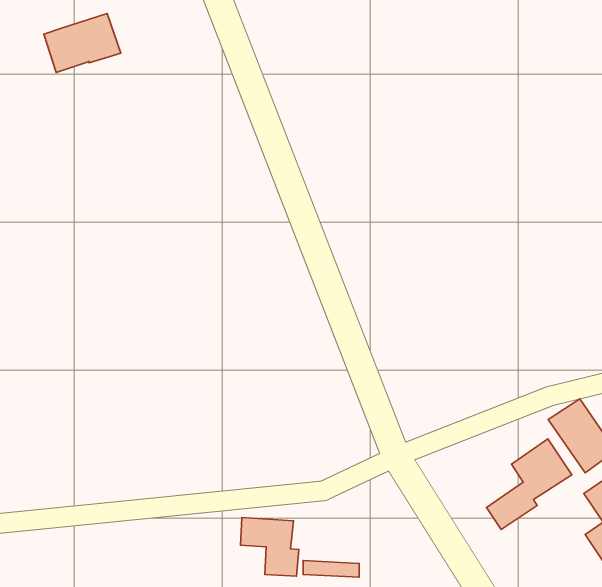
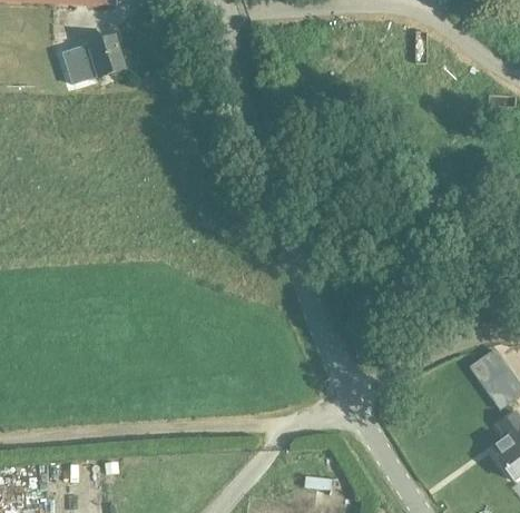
building: [487,439,572,529] -> none
building: [241,518,299,576] -> none

